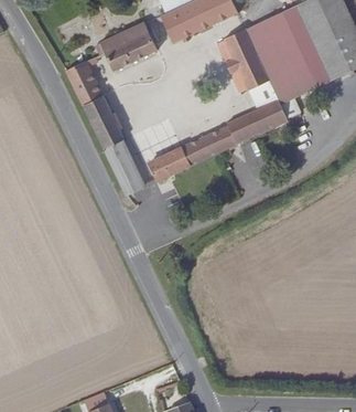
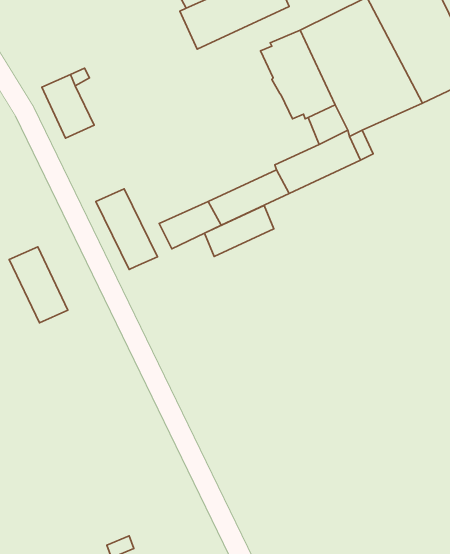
building: [95,23,158,71] -> none
building: [82,96,122,149] -> [9,247,68,323]
building: none -> [205,205,274,257]

